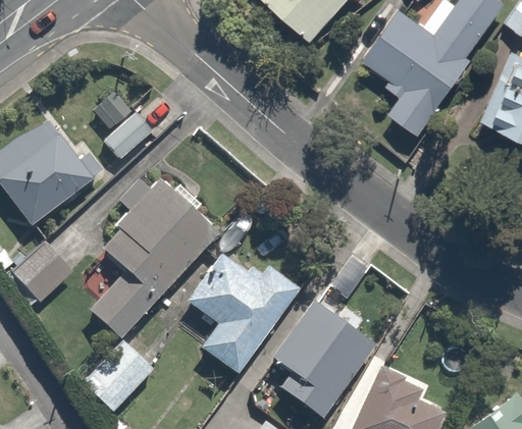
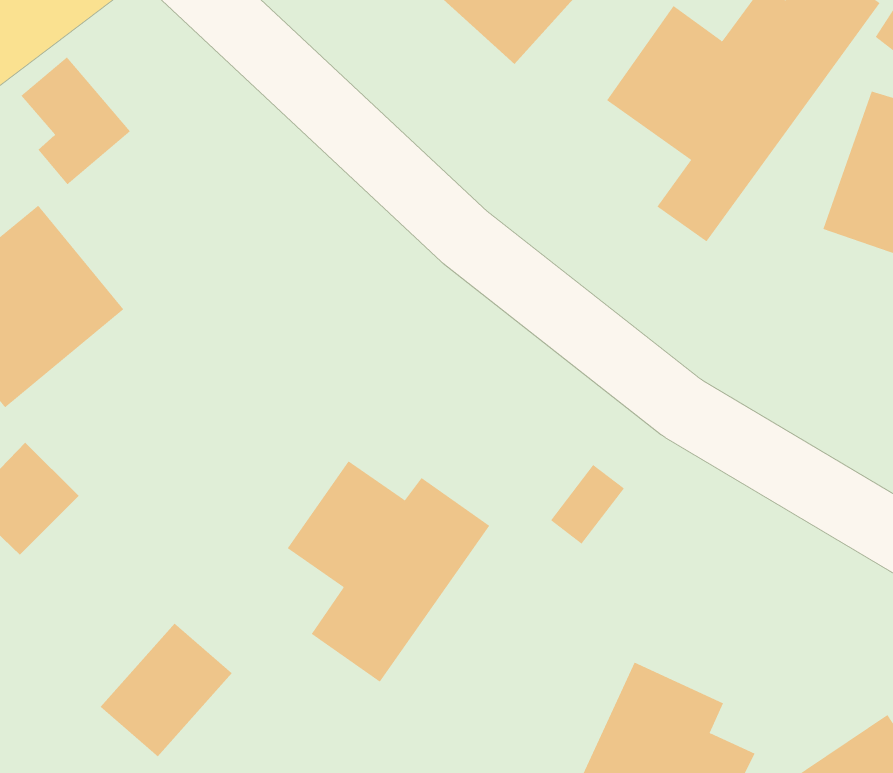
building: [96,88,156,158] -> [21,56,131,185]
building: [92,169,218,339] -> none
building: [269,301,375,421] -> none

